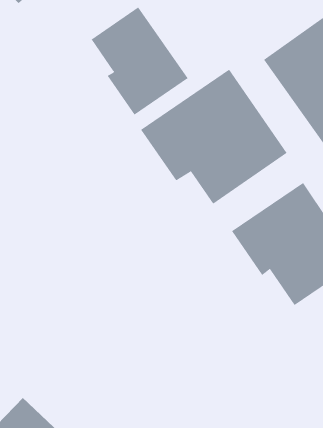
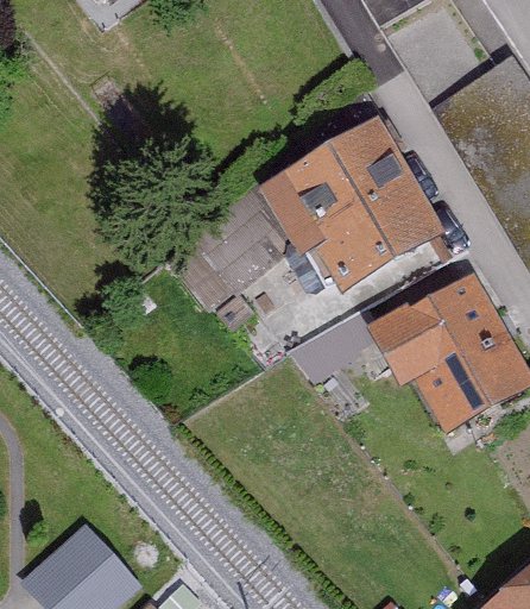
building: [91,6,189,116] -> none

